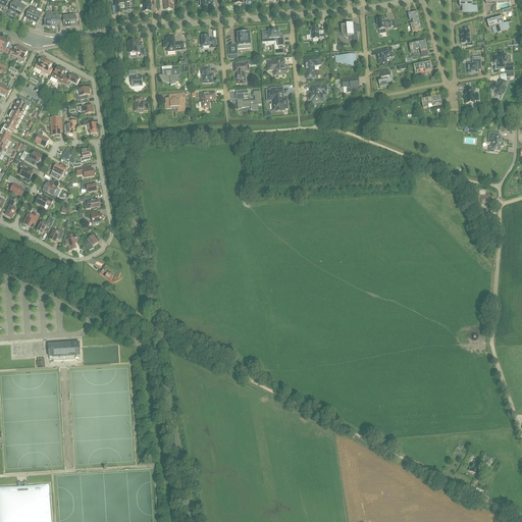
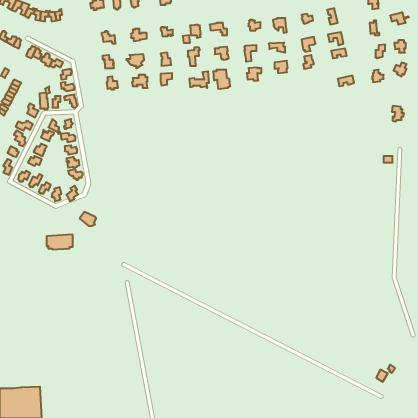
building: [46,341,79,359] -> [47,235,73,249]

